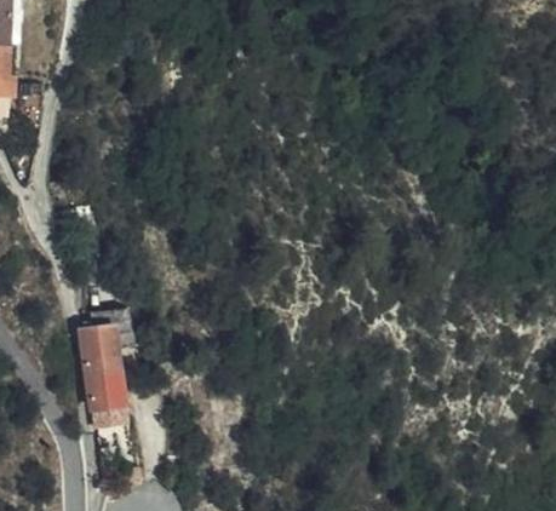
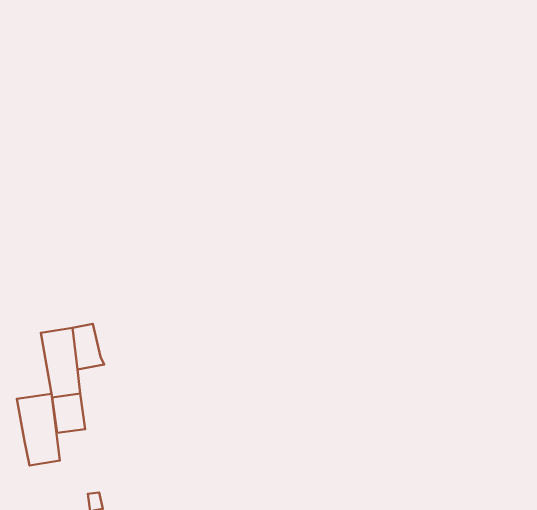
building: none -> [17,394,60,465]

